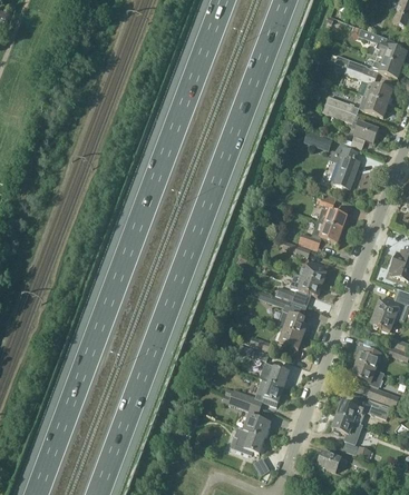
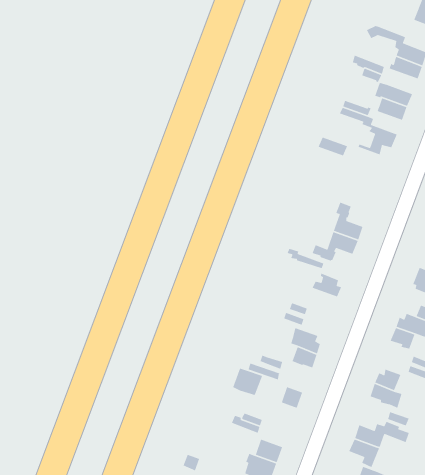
building: [333,146,360,187] -> none
building: [290,271,322,295] -> none
building: [255,378,284,405] -> [232,367,263,396]

